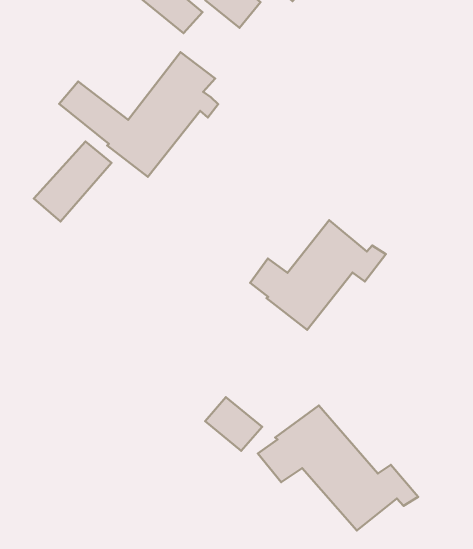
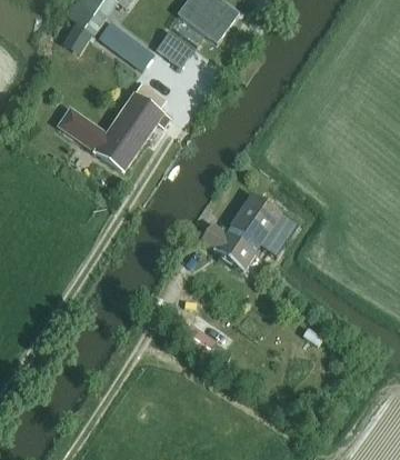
building: [34,141,111,222] -> none
building: [258,406,418,531] -> none

